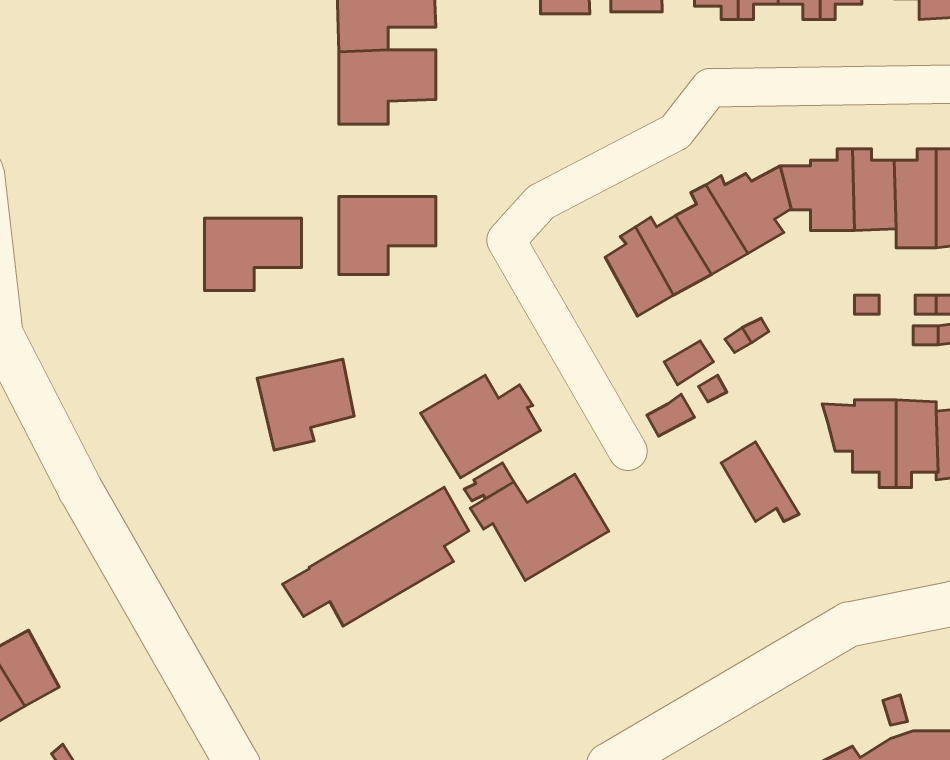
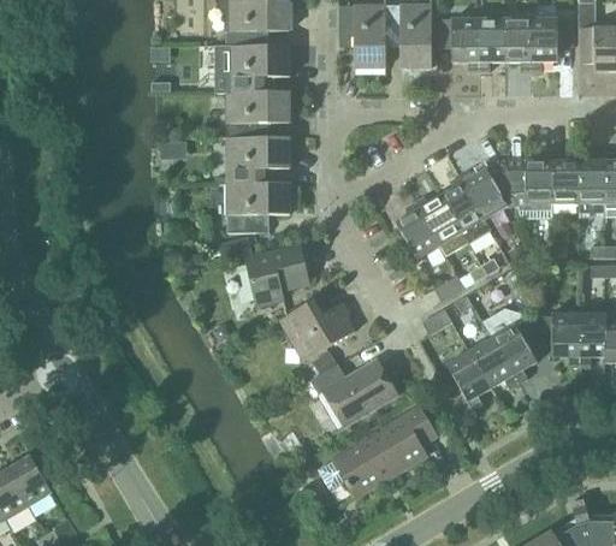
building: [205,218,302,290] -> [227,137,289,183]
building: [257,359,354,450] -> [247,247,308,304]
building: none -> [491,314,541,384]
building: none -> [446,351,491,410]
building: [282,487,469,626] -> [318,408,436,495]

